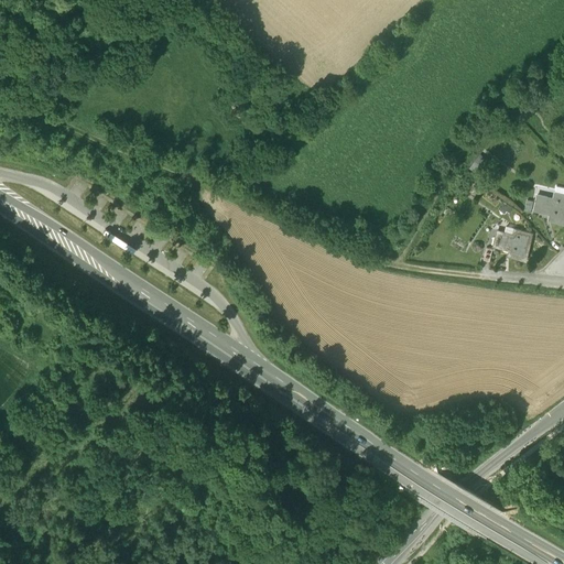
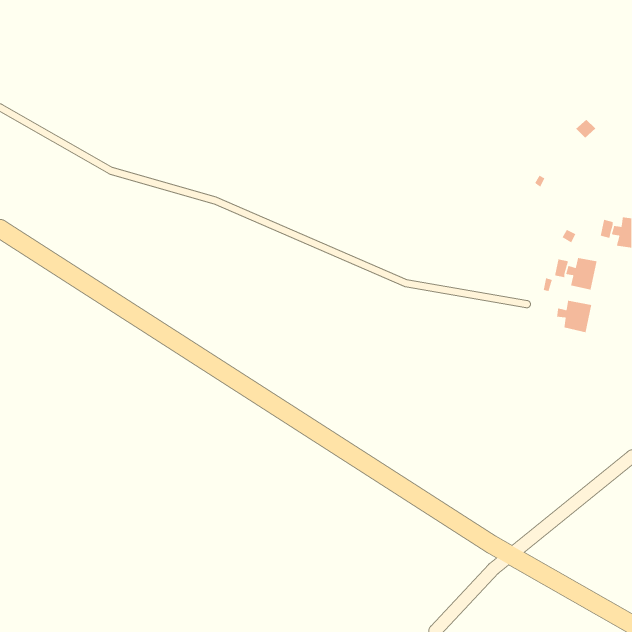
building: none -> [556,300,592,333]

